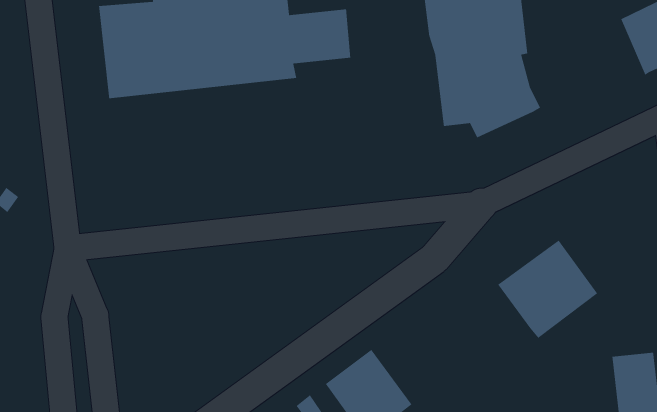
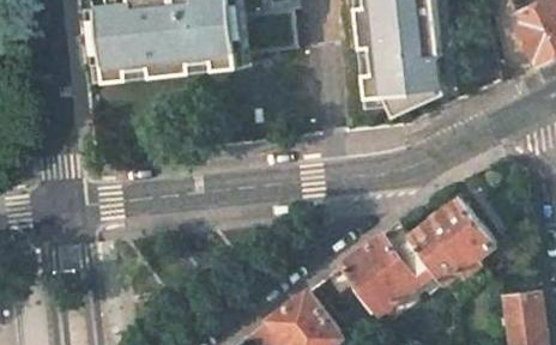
building: none -> [345,222,439,313]

